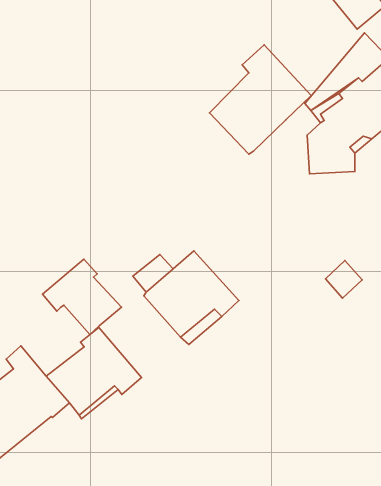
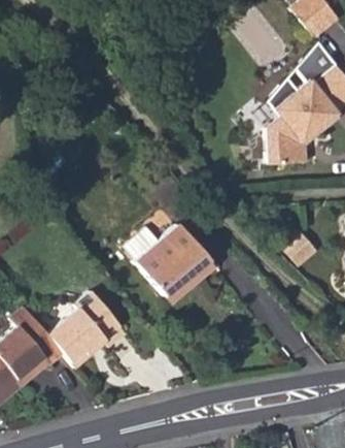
building: [209,45,311,154] -> none
building: [43,259,122,335] -> none

